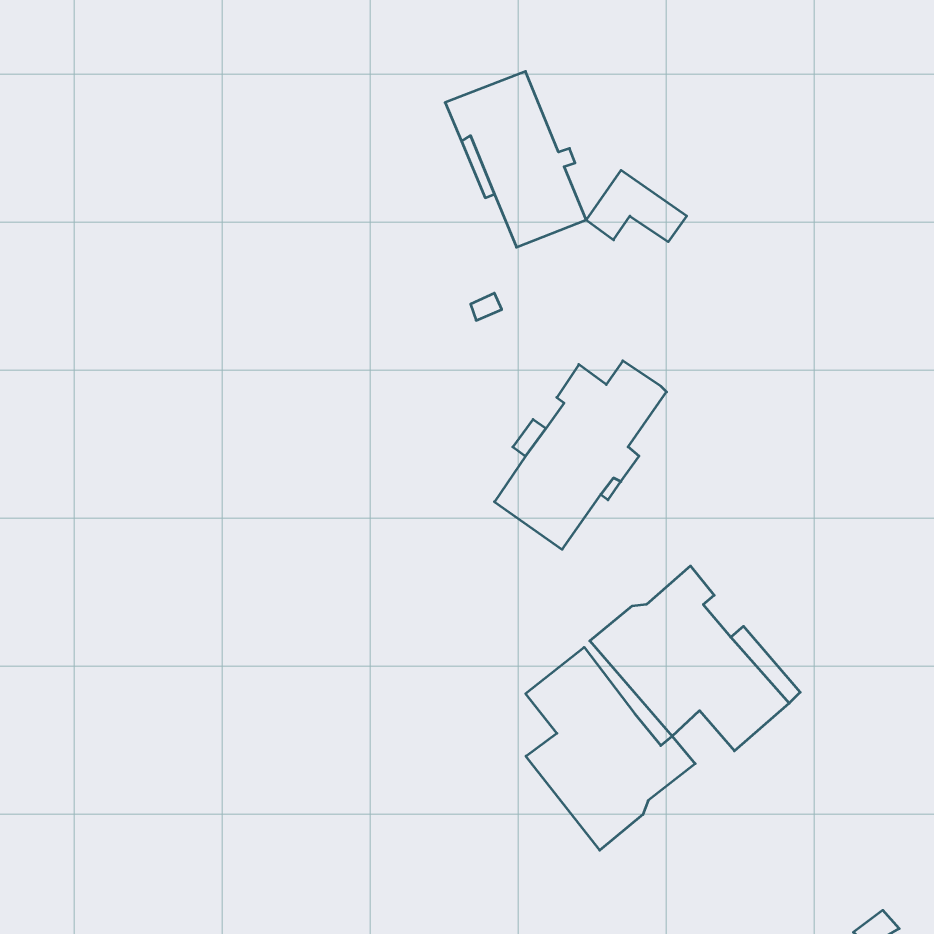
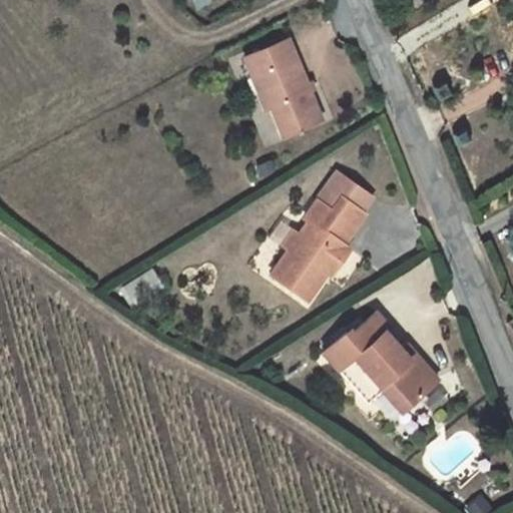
building: [586,170,687,242] -> [318,173,373,212]
building: [526,647,695,850] -> none

